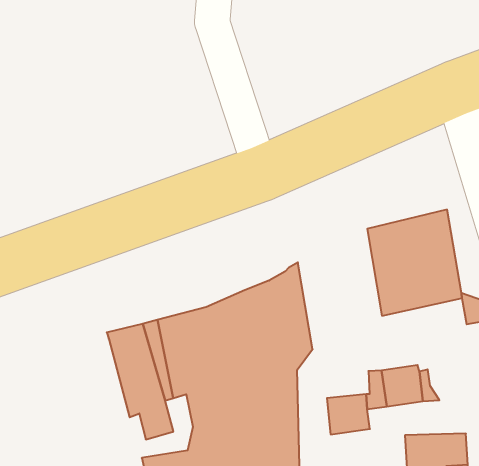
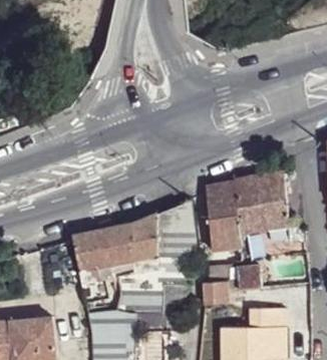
building: none -> [204,181,241,250]

